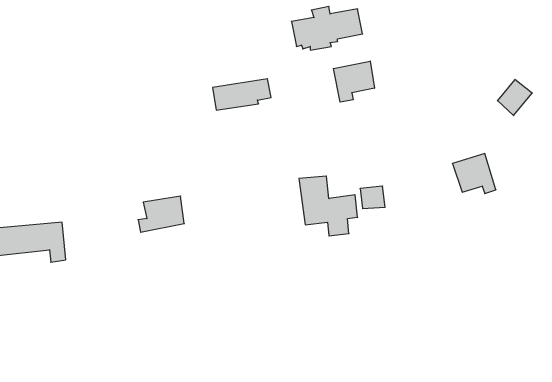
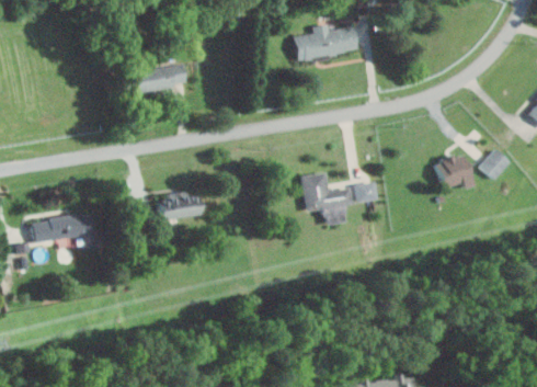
building: [333,61,374,102] -> none
building: [213,79,271,110] -> [136,64,187,91]
building: [497,79,532,116] -> [481,148,512,180]

